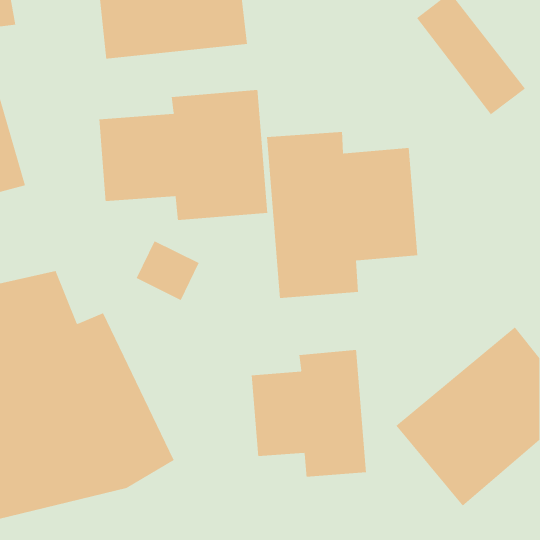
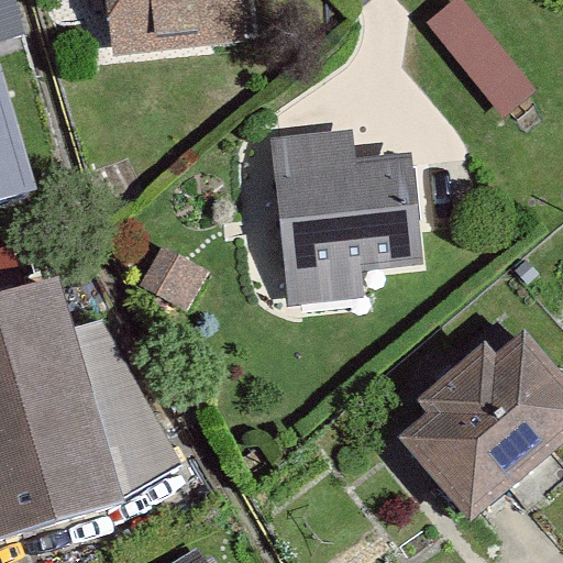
building: [99,89,268,221] -> none
building: [251,349,366,477] -> none

